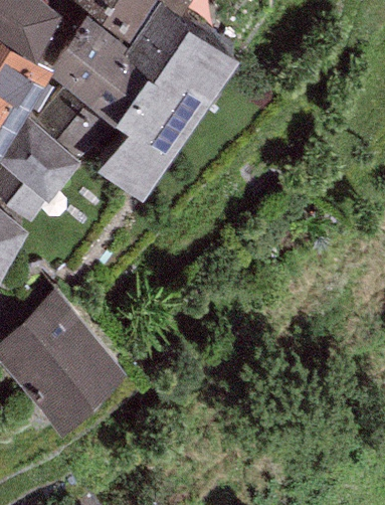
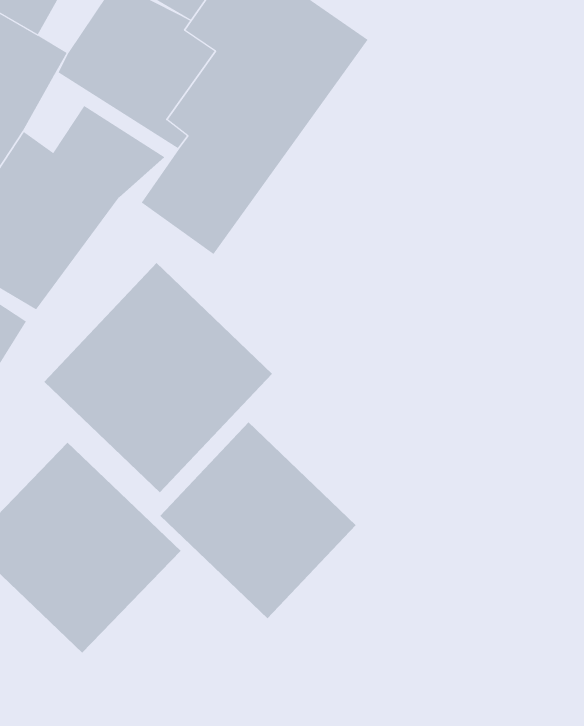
building: none -> [43,262,273,493]
building: none -> [160,422,357,619]

